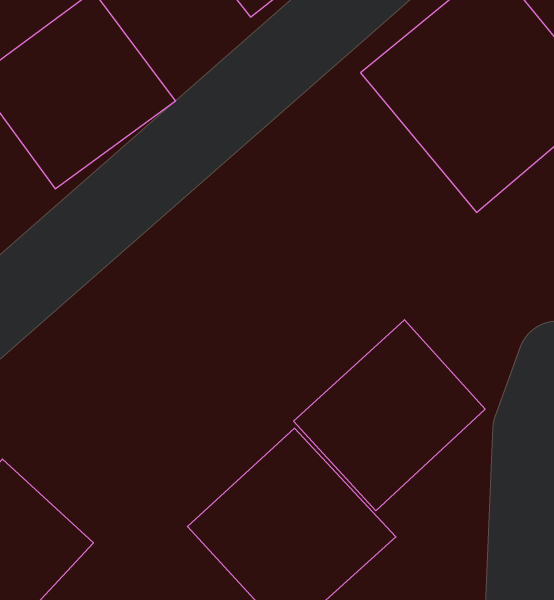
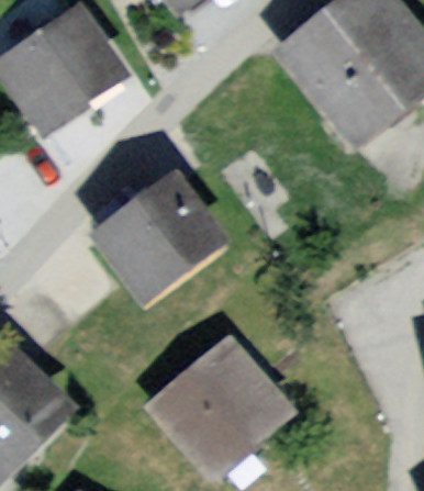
building: none -> [76,178,226,322]
building: [294,320,485,511] -> none

